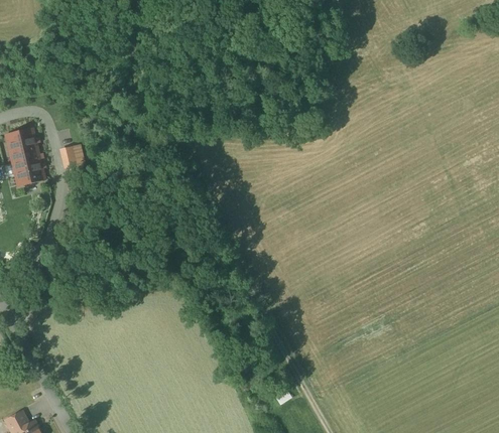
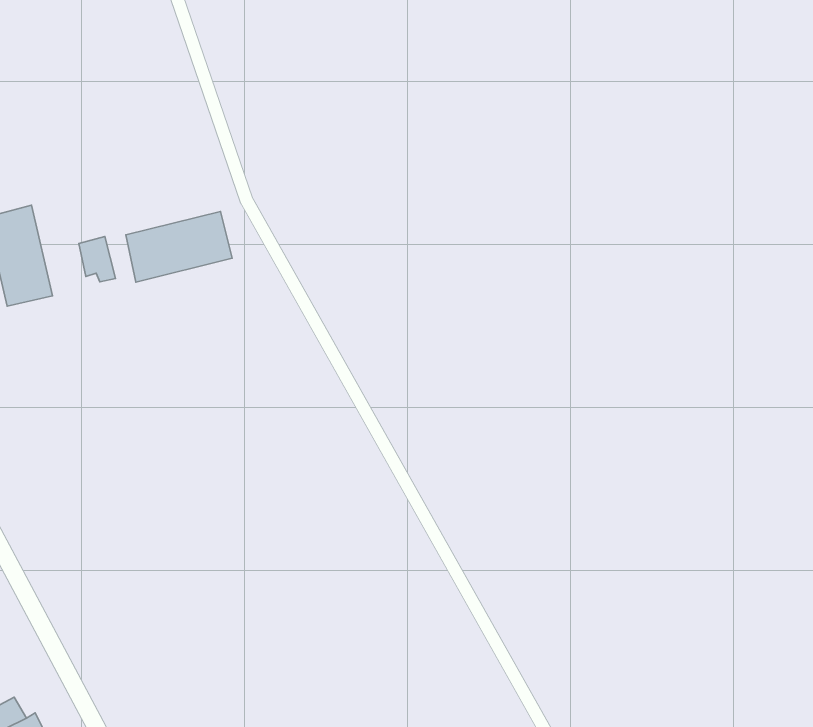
building: none -> [126,211,232,282]

